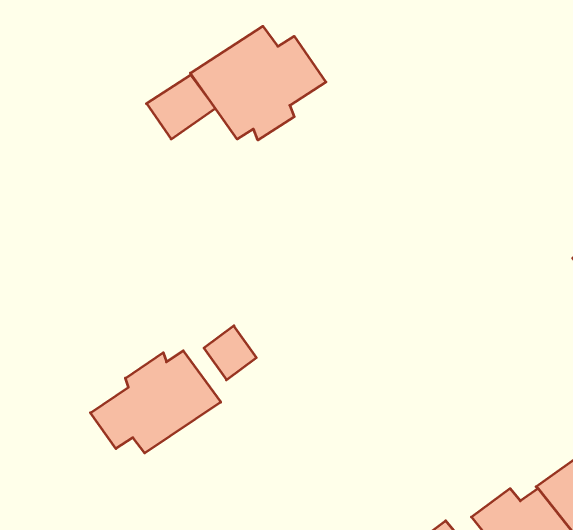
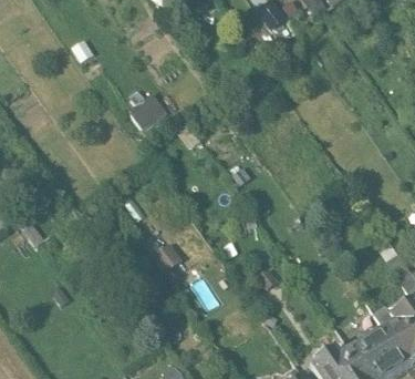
building: [190,26,326,140] -> none
building: [90,351,221,453] -> none

